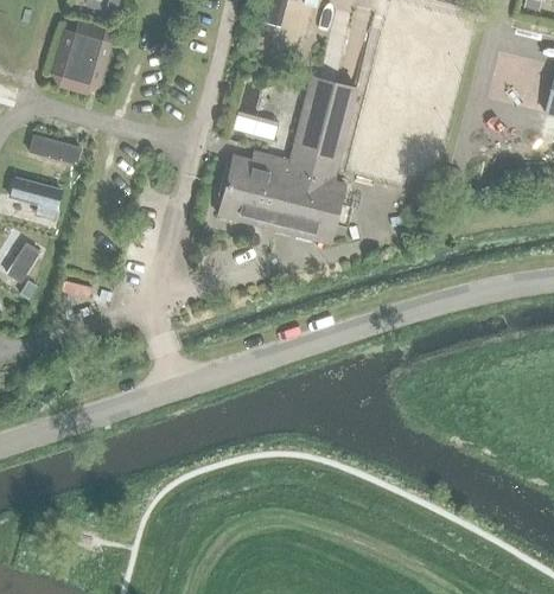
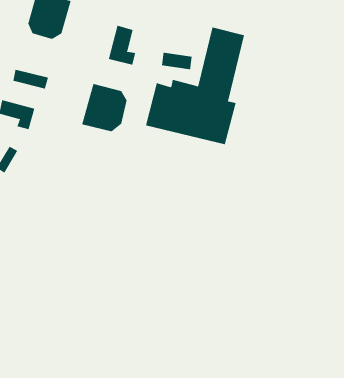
building: none -> [108,25,136,66]
building: none -> [81,83,127,132]

